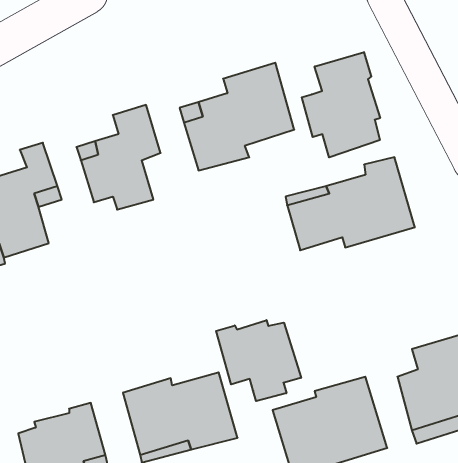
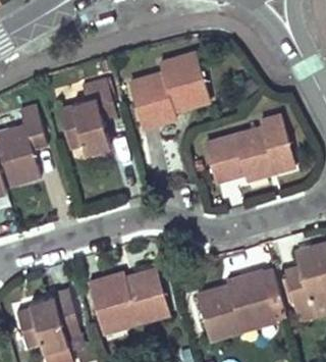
building: [302,52,380,157] -> none
building: [216,320,301,401] -> none

